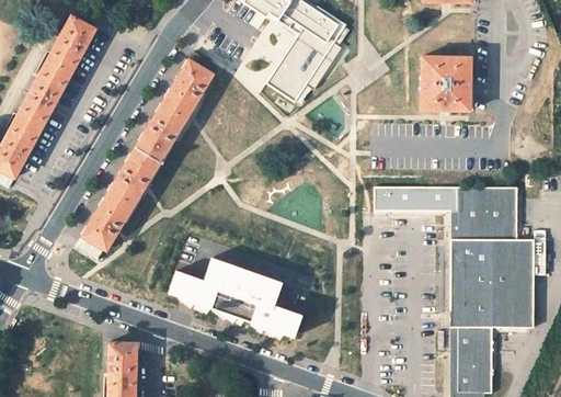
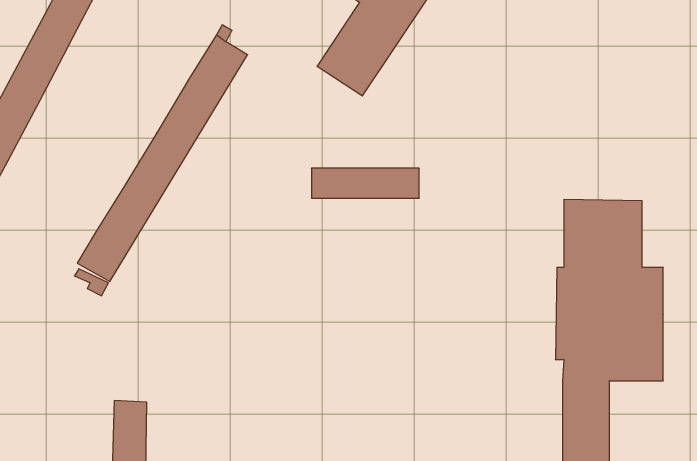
building: [421,56,470,111] -> none
building: [374,186,457,209] -> [311,168,419,198]
building: [169,254,304,338] -> none

